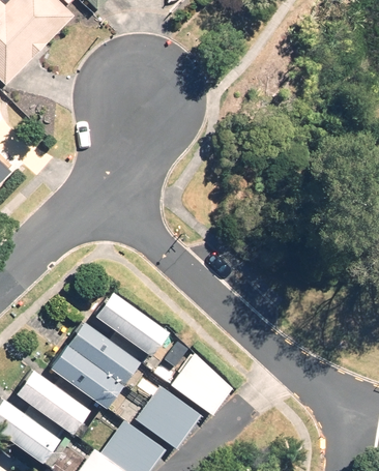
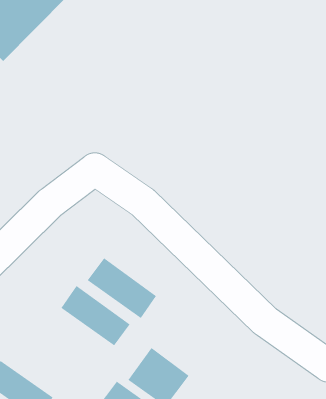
building: [49,344,122,408] -> none
building: [171,353,231,414] -> none
building: [14,370,88,434] -> none

